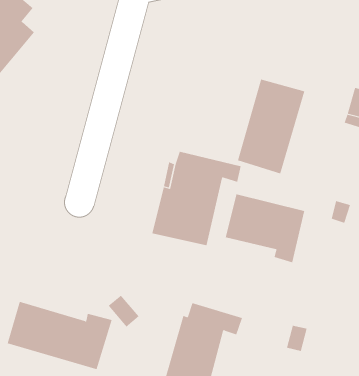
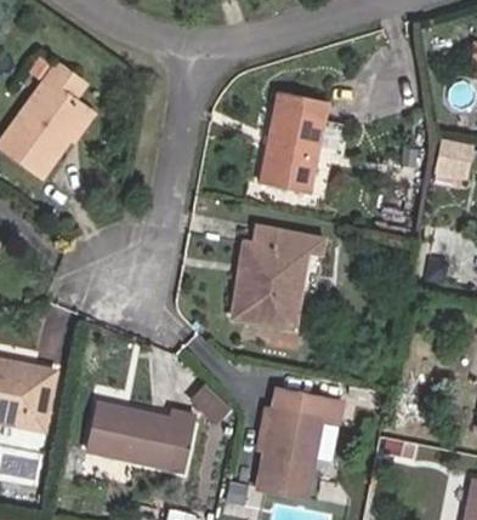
building: [237,79,305,174] -> [260,91,328,193]
building: [225,194,305,263] -> none

